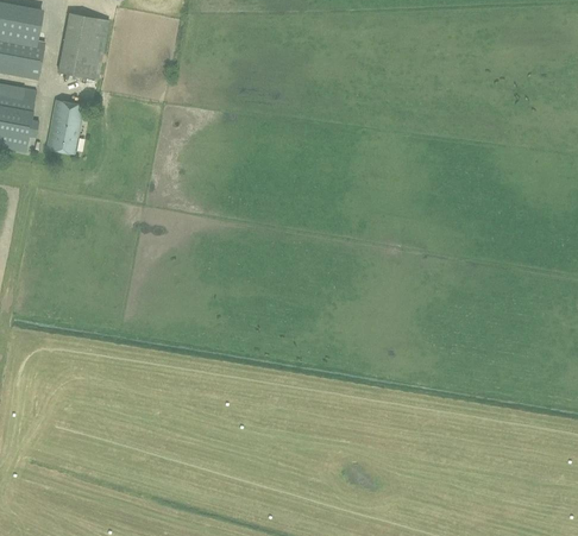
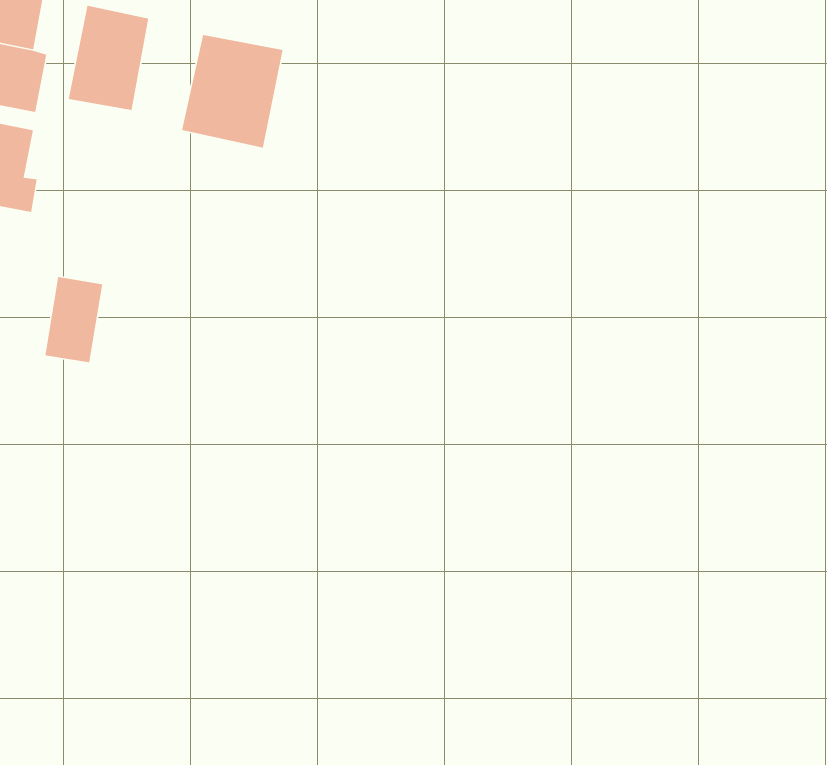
building: none -> [181,34,283,148]
building: [46,100,83,155] -> [44,276,103,363]

